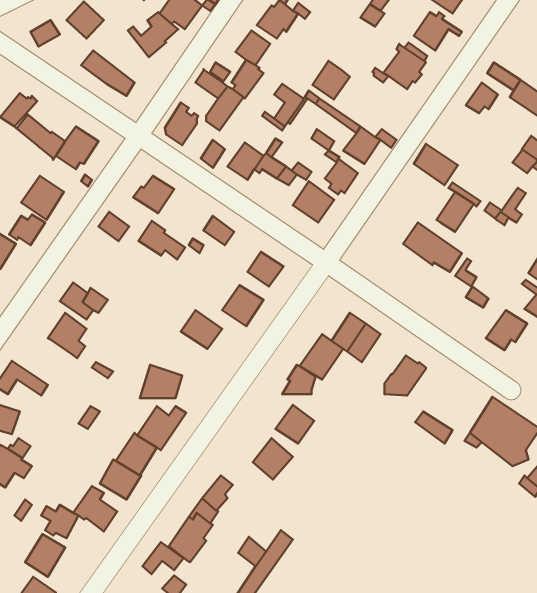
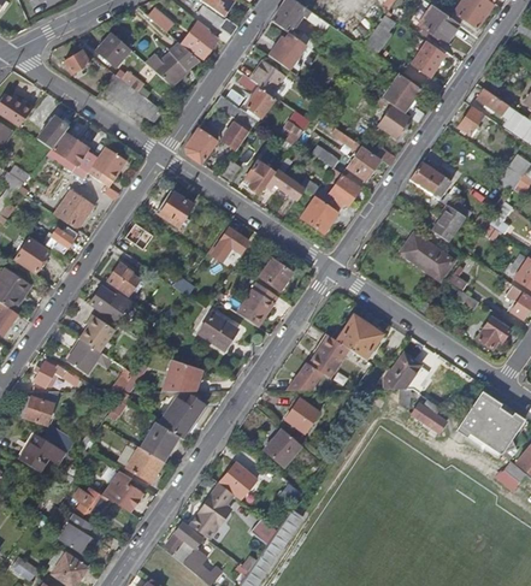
building: [313,61,350,99] -> [378,103,412,138]
building: [139,221,185,260] -> [108,262,151,297]
building: none -> [67,338,101,373]

